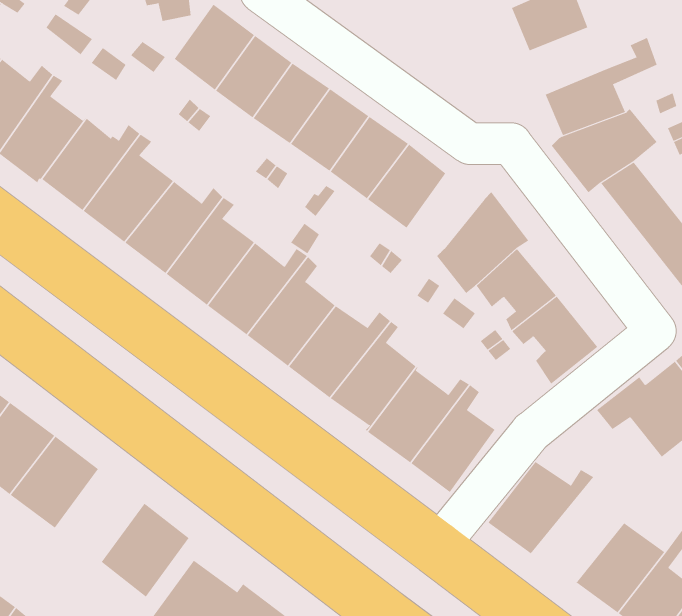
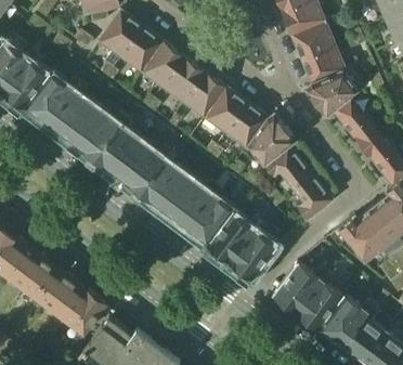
building: none -> [294,25,336,62]
building: none -> [226,105,269,148]
building: none -> [34,268,82,318]
building: none -> [295,272,346,331]

